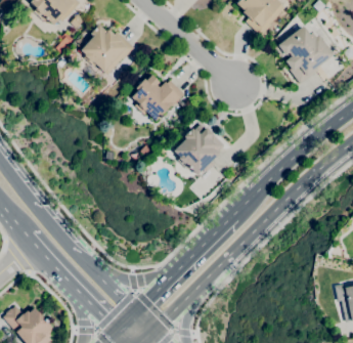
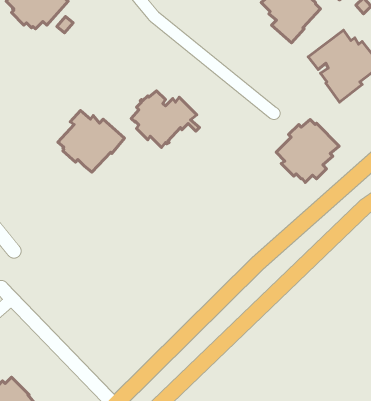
building: [81,25,135,75] -> [58,110,125,172]
building: [174,124,225,175] -> [276,120,339,183]

